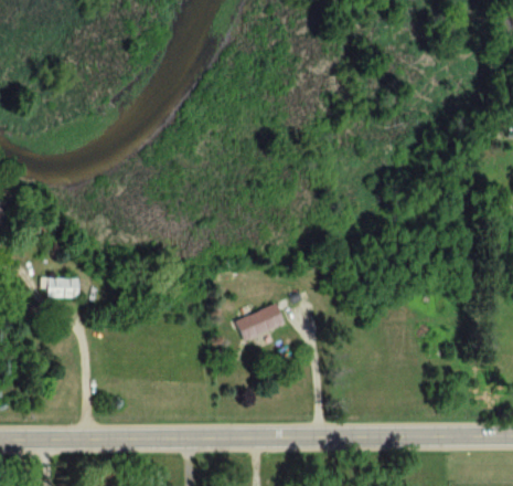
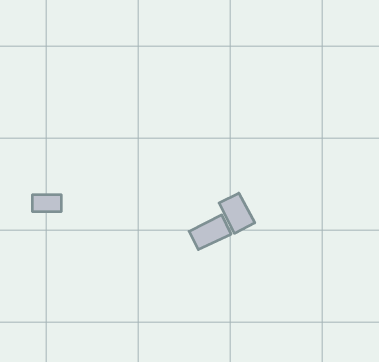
building: none -> [219,193,255,233]

